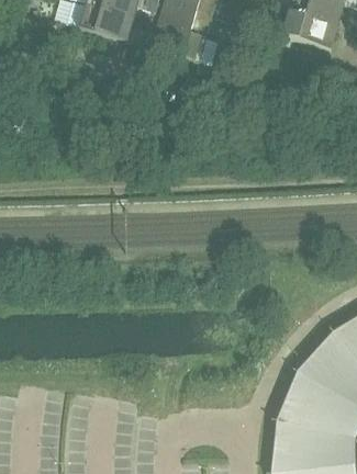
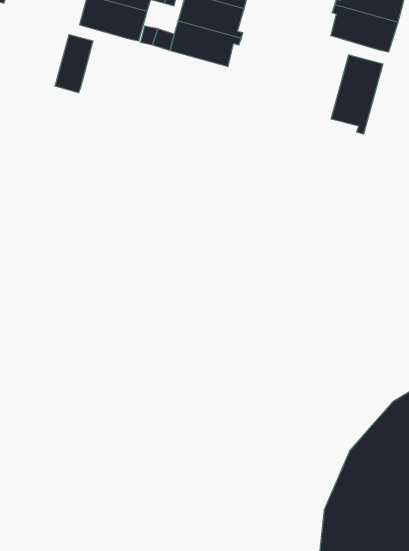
building: none -> [55,35,93,93]
building: none -> [331,55,383,134]

